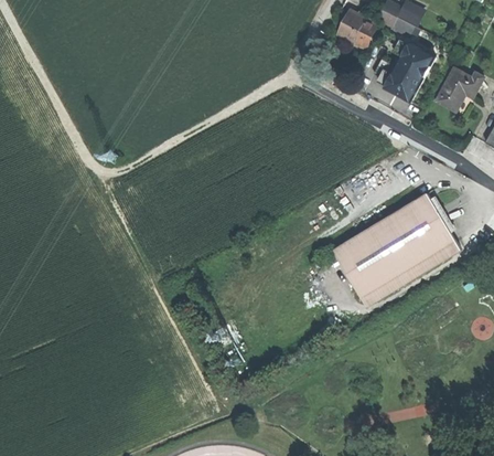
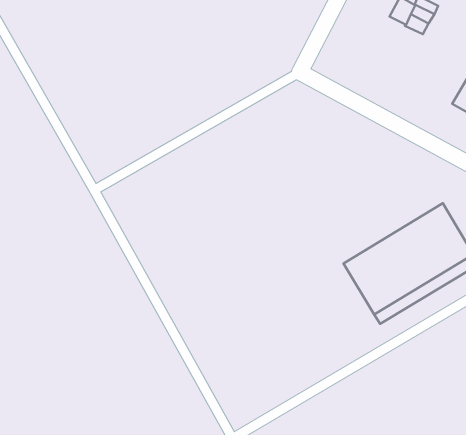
building: [337,12,375,47] -> none
building: [372,43,433,103] -> none

